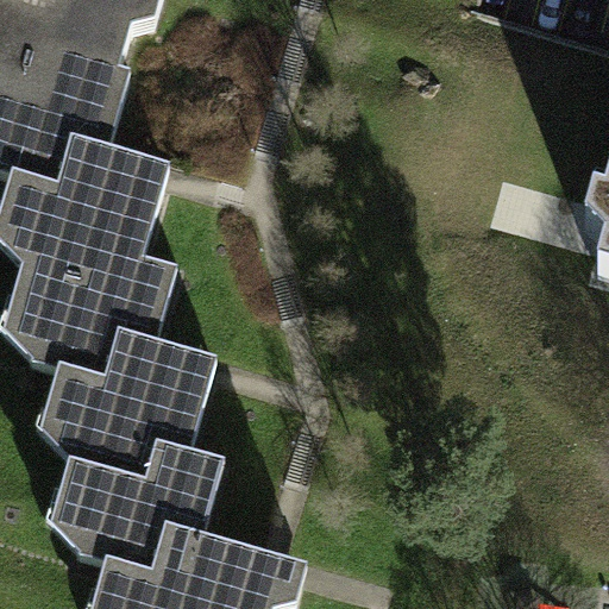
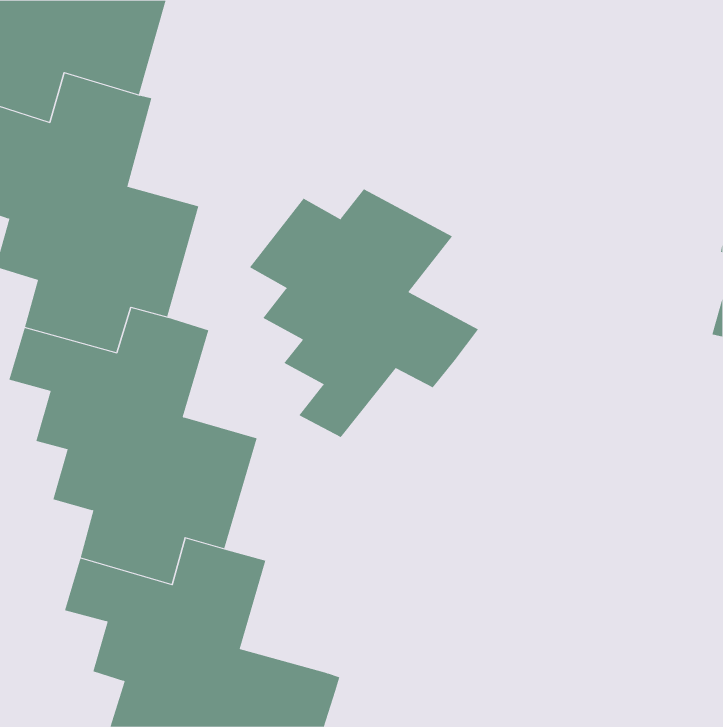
building: none -> [249,189,479,438]

